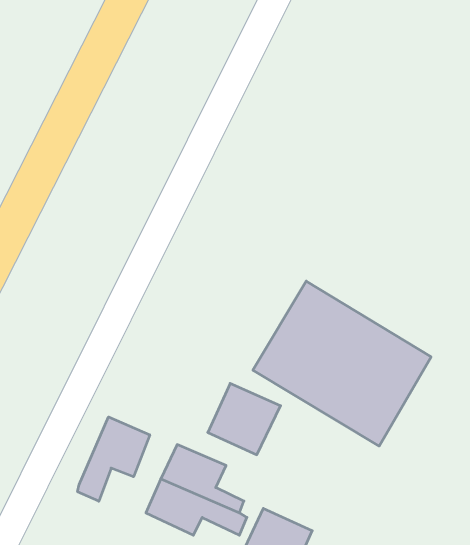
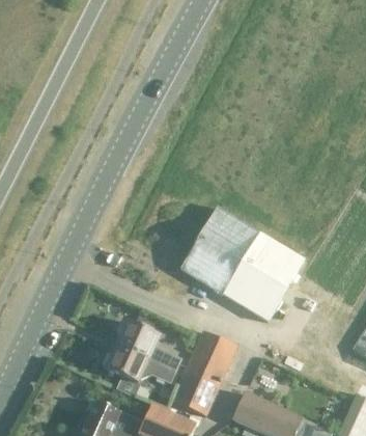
building: [208,383,281,455] -> [188,331,238,381]
building: [78,417,150,501] -> none

